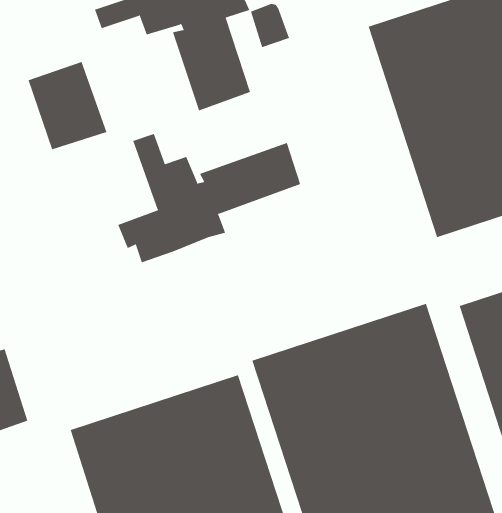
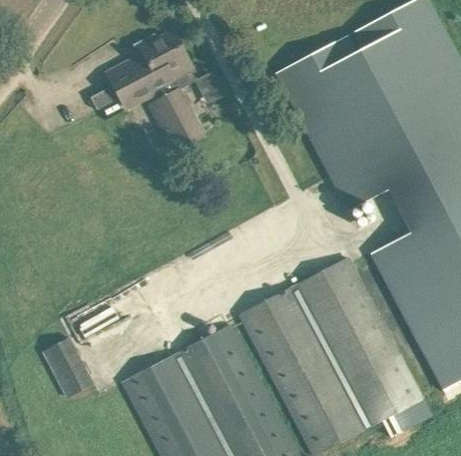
building: [28,61,107,150] -> none
building: [117,133,301,263] -> none

